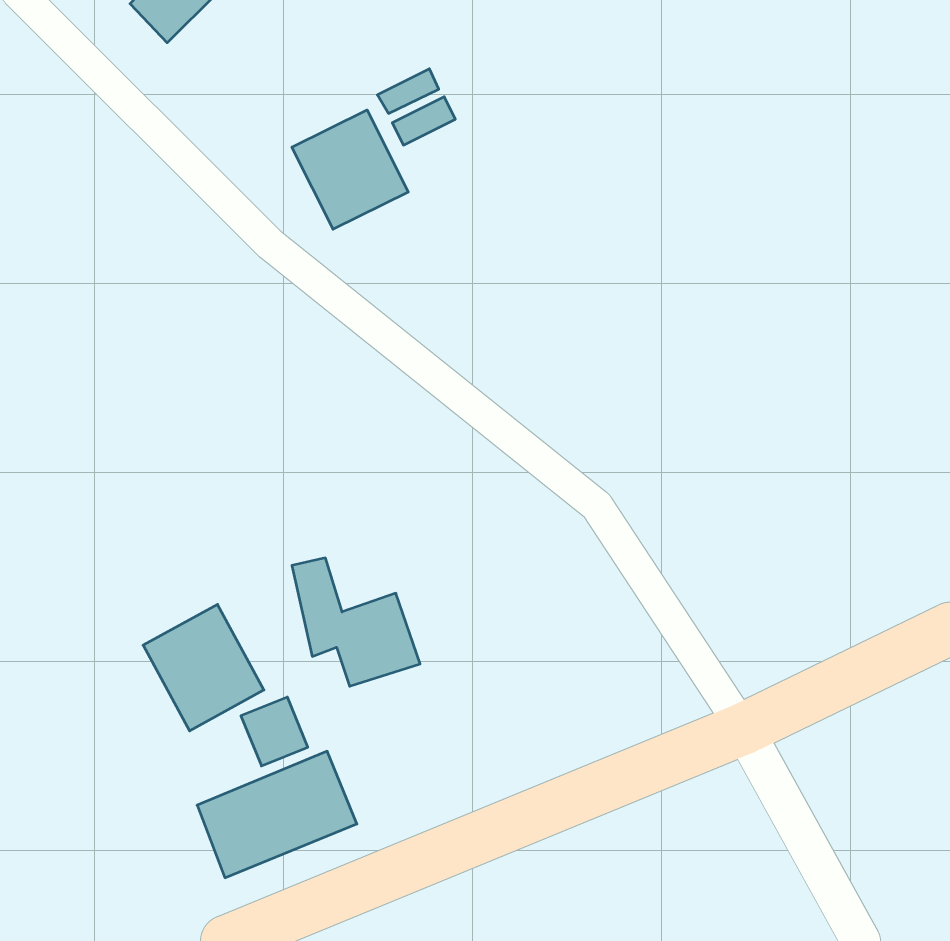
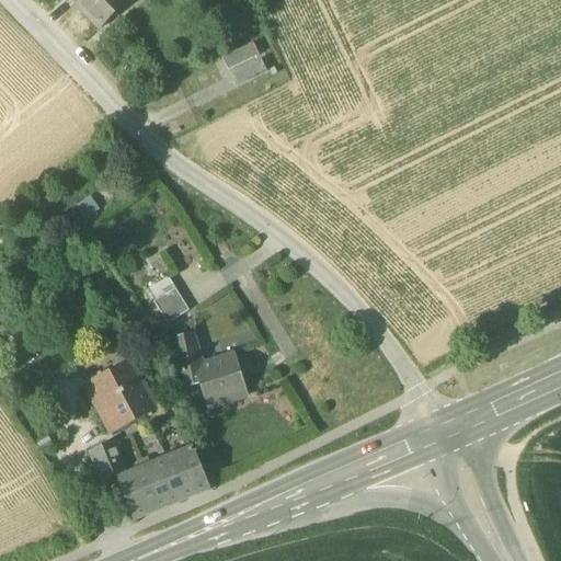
building: [292,110,408,229] -> none
building: none -> [153,285,190,321]
building: [241,697,308,766] -> [88,437,127,478]

